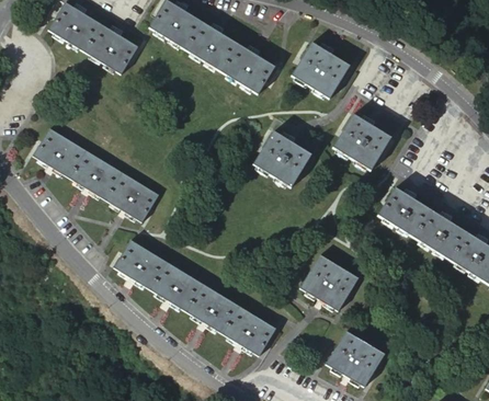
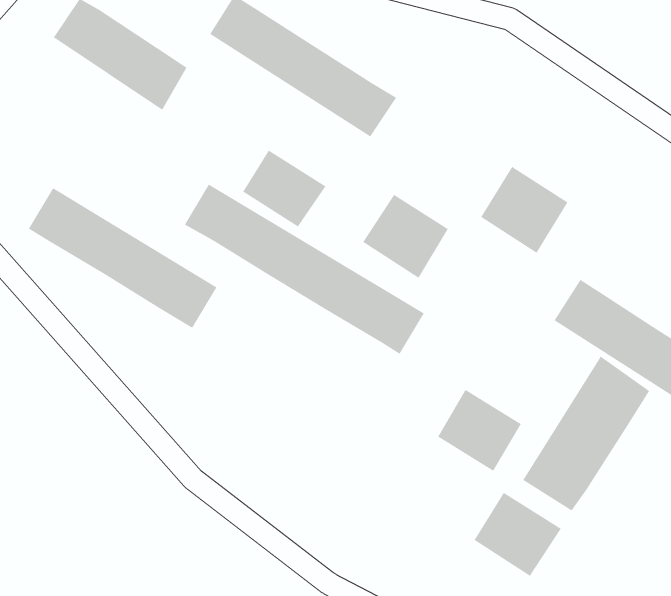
building: [293,44,349,100] -> none
building: none -> [242,150,326,228]
building: none -> [522,355,650,511]
building: [115,240,274,353] -> [184,183,425,355]

